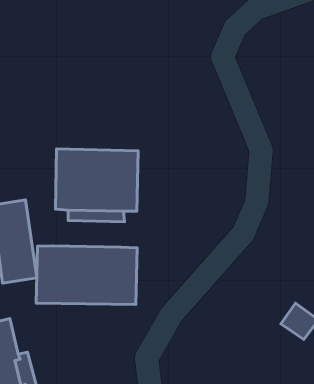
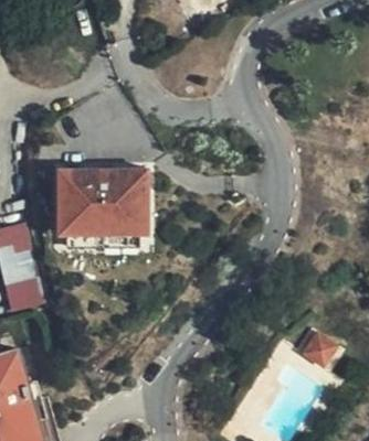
building: [36,246,137,305] -> none

